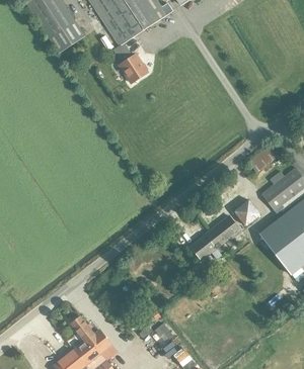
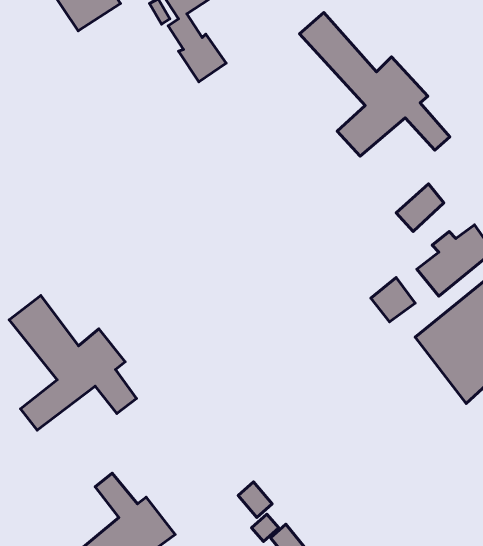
building: none -> [300,13,450,156]
building: none -> [9,295,136,430]
building: [191,215,240,261] -> none

